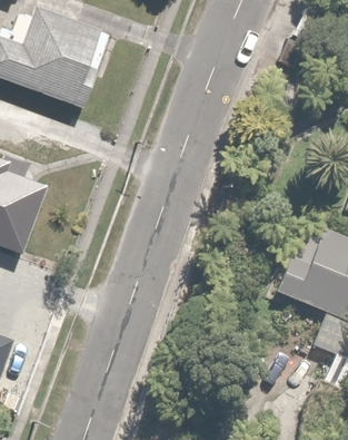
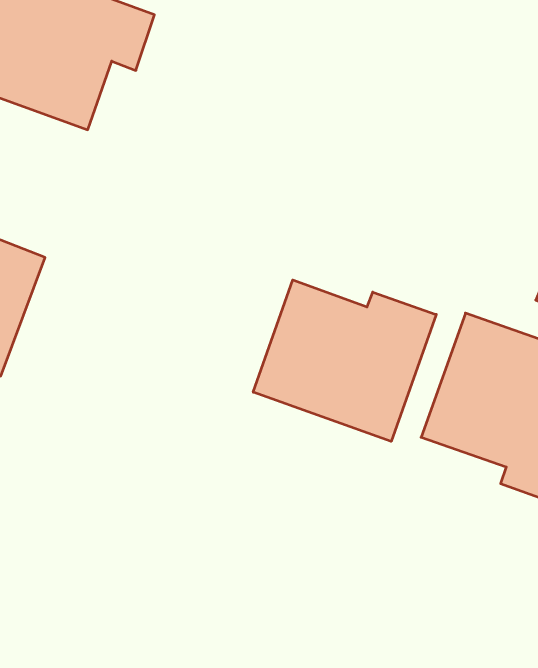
building: none -> [253,280,436,441]

